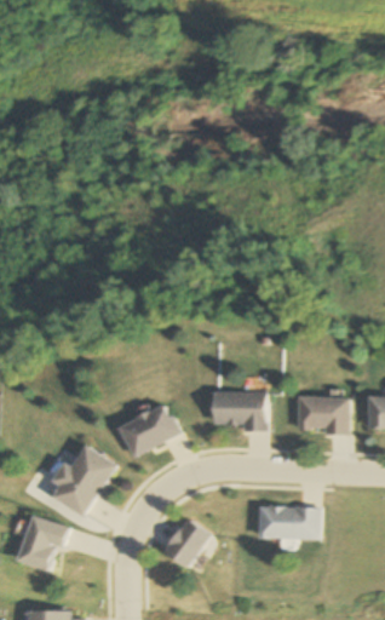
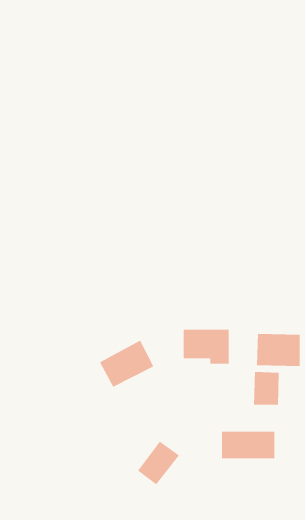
building: none -> [254,371,279,405]
building: [50,444,115,516] -> none
building: [16,515,67,569] -> none

